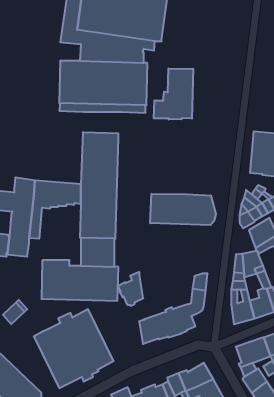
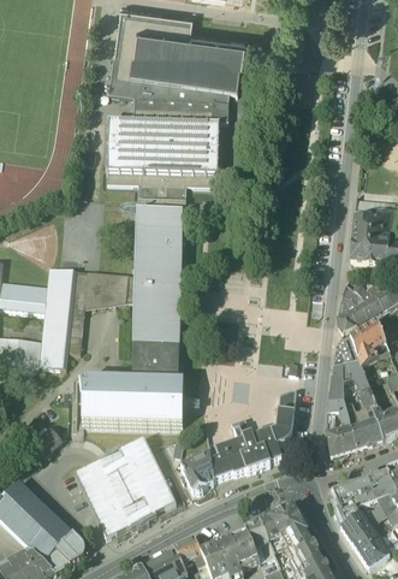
building: [154,68,193,120] -> none
building: none -> [138,183,186,211]
building: [150,194,216,225] -> none
building: [118,272,143,306] -> [182,448,214,491]

